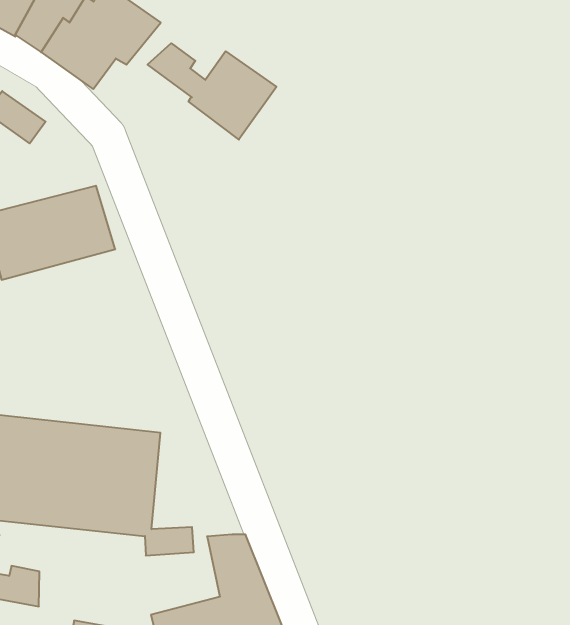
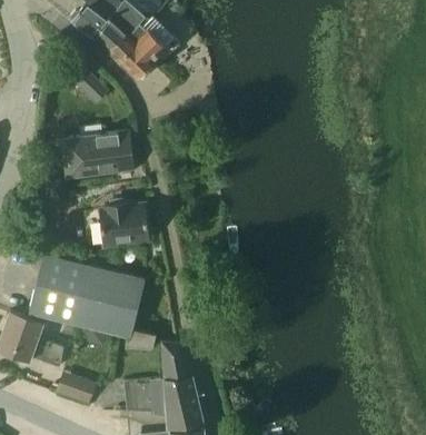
building: [148,43,276,140] -> none
building: none -> [87,202,150,247]

